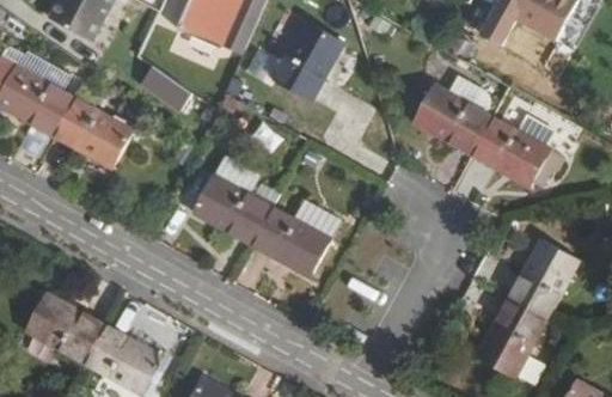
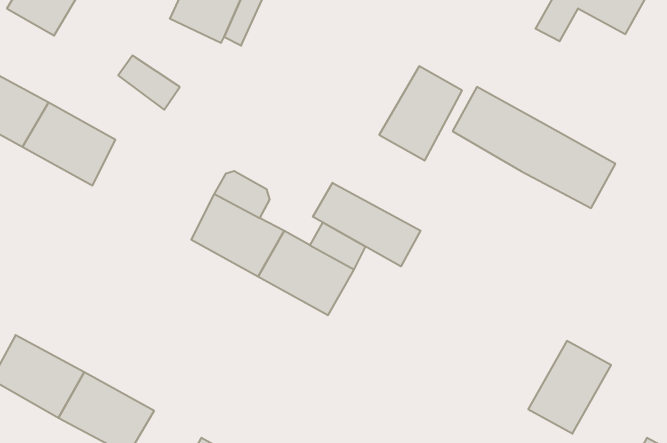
building: [273,22,342,100] -> [379,66,462,160]
building: none -> [313,183,421,266]
building: [508,238,577,318] -> none

